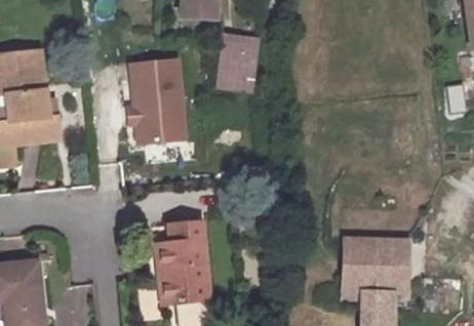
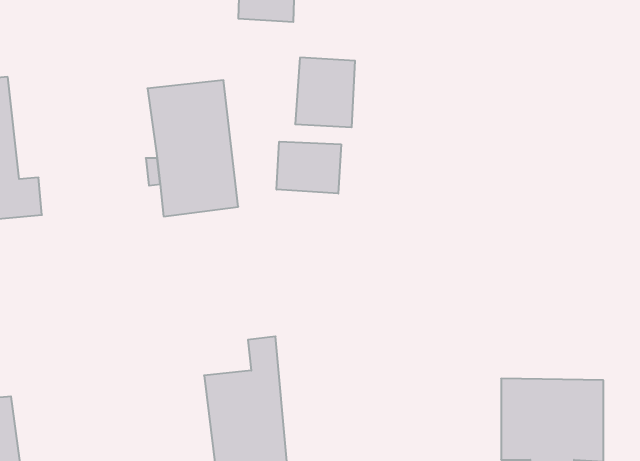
building: none -> [277,142,341,194]

